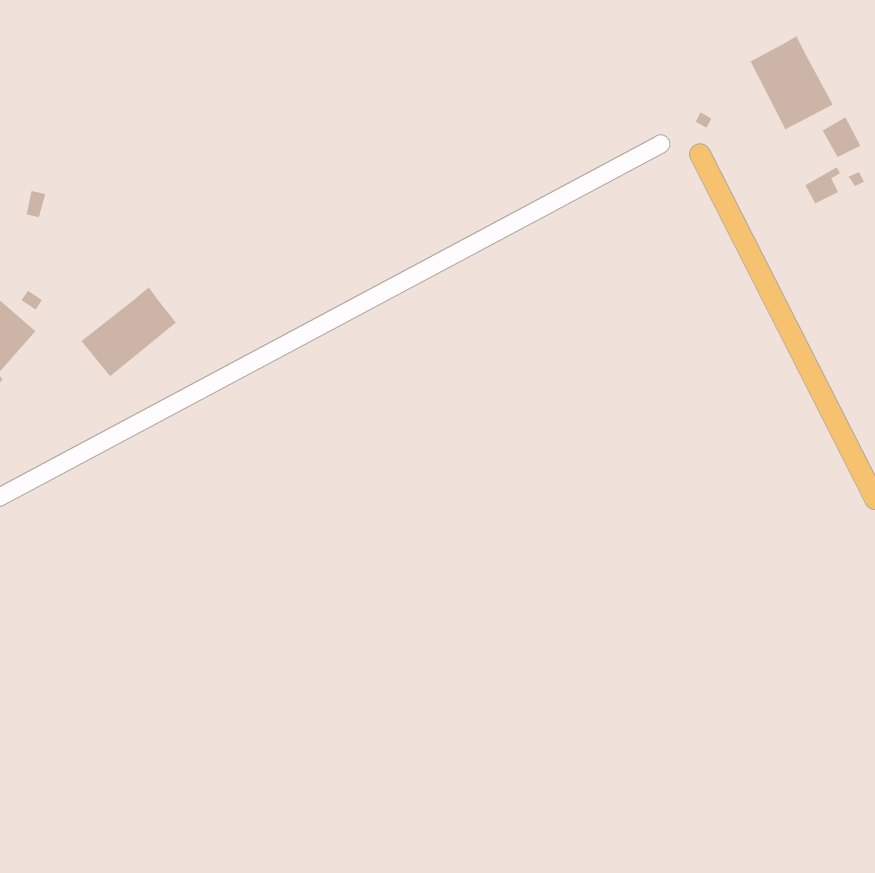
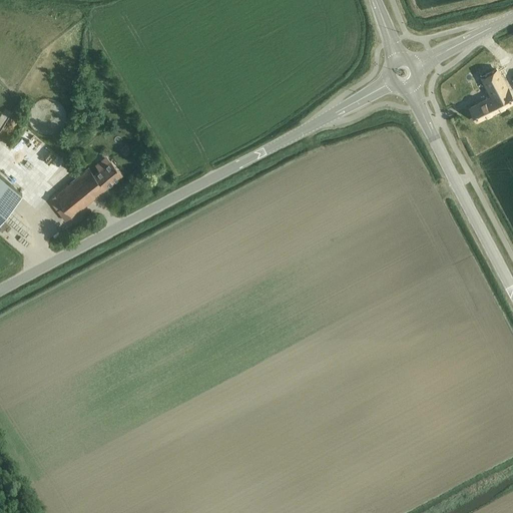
building: [750,35,833,130] -> none
building: none -> [92,162,121,190]

